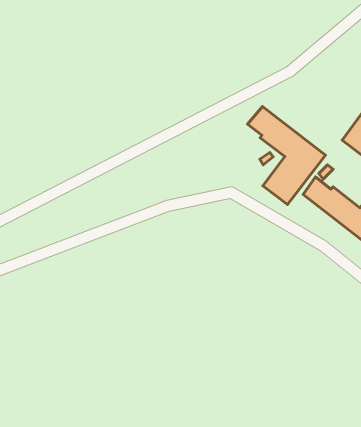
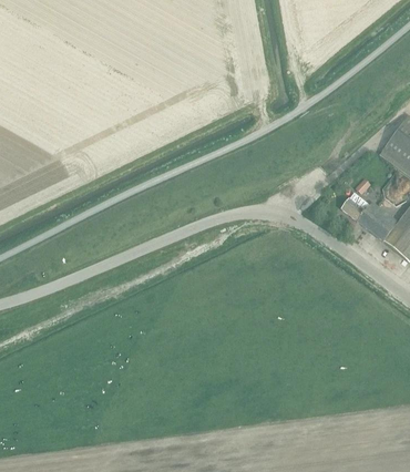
building: [248,106,326,205] -> none

